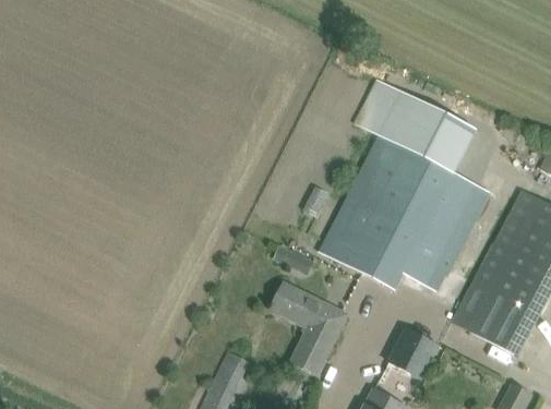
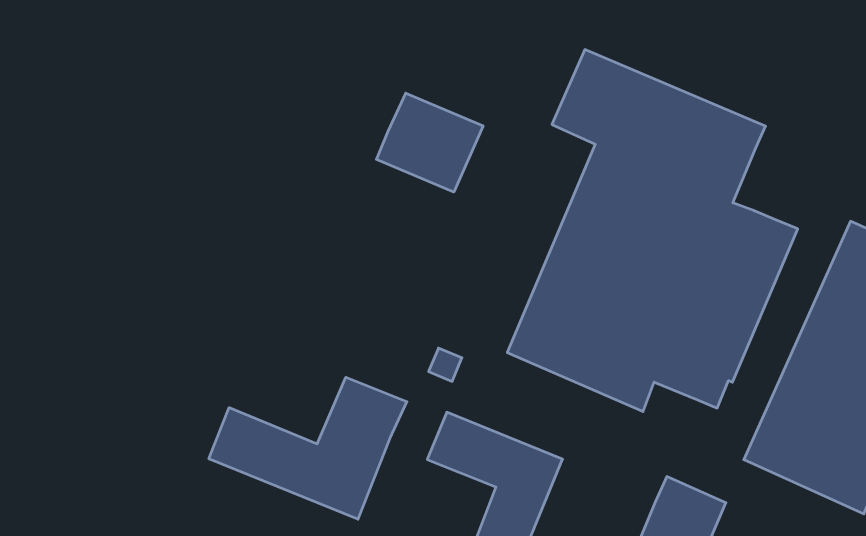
building: none -> [376,93,483,192]
building: none -> [209,377,407,519]

